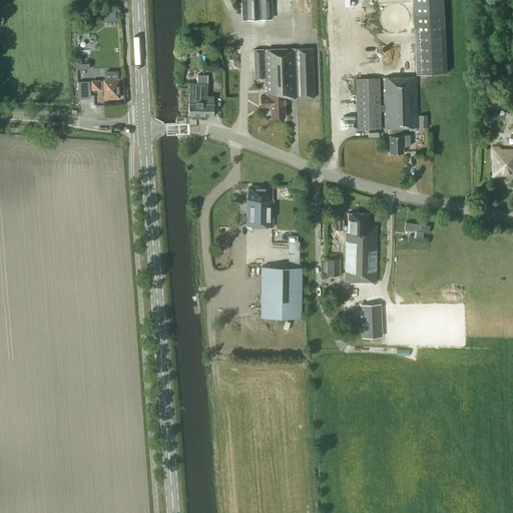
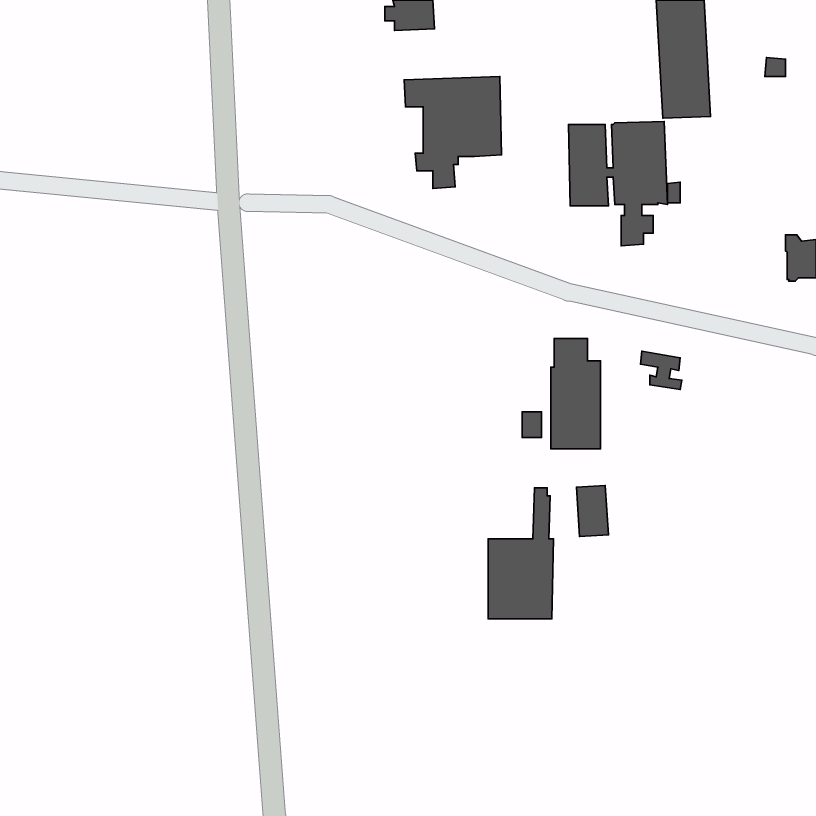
building: [188,75,215,116] -> none
building: [92,79,119,98] -> none
building: [246,187,274,227] -> none
building: [261,235,302,318] -> [488,488,554,619]

